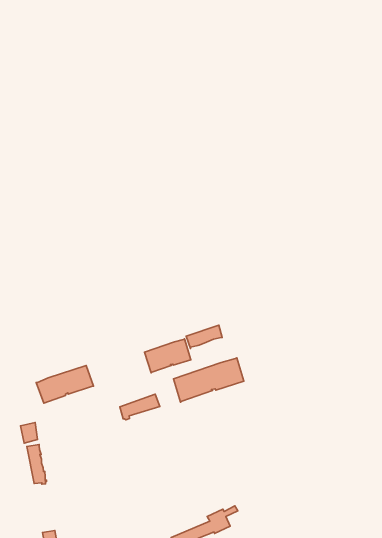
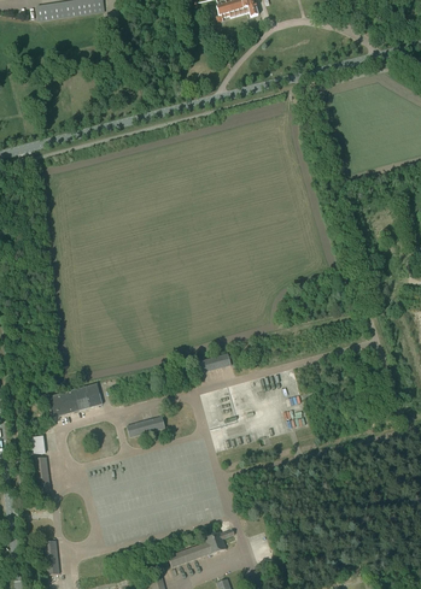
building: [145,339,191,373] -> none
building: [173,358,244,402] -> none

